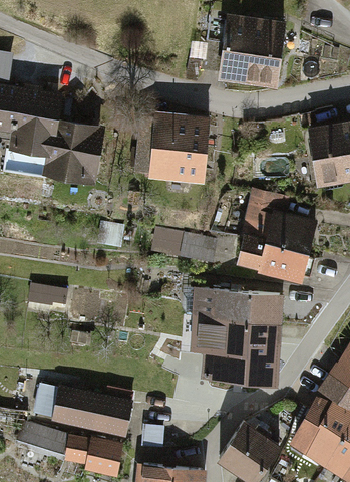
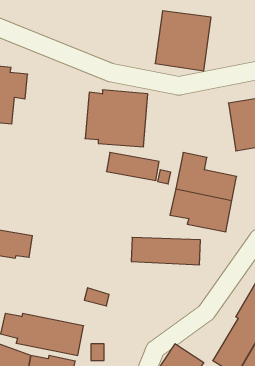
building: [44,122,104,180] -> none
building: [153,230,218,264] -> [106,152,159,180]
building: [191,321,275,379] -> none

